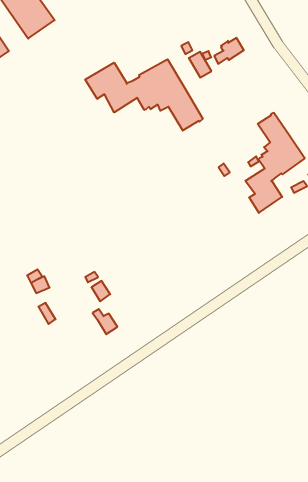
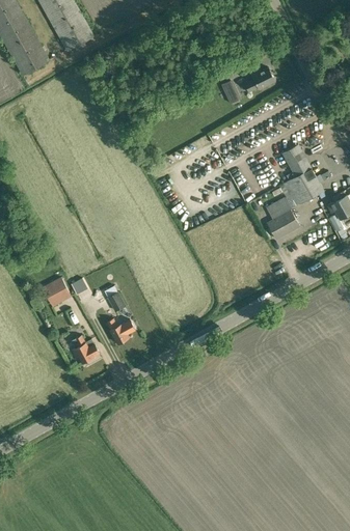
building: [85,59,203,131] -> none
building: none -> [73,336,101,363]

